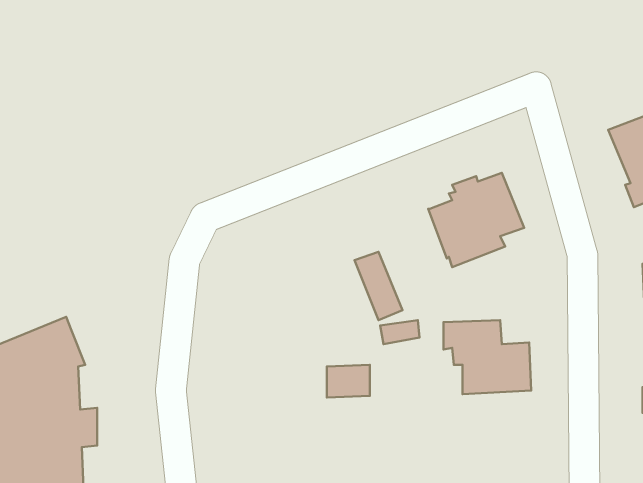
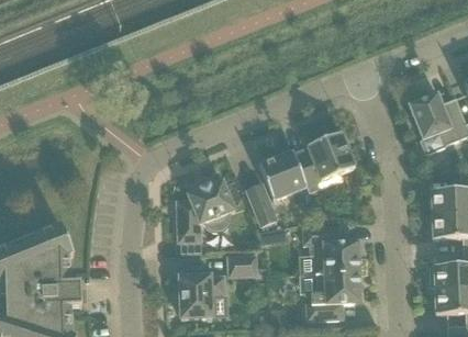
building: none -> [258,149,305,199]
building: none -> [177,179,235,252]
building: none -> [305,270,360,318]
building: none -> [179,273,224,316]

